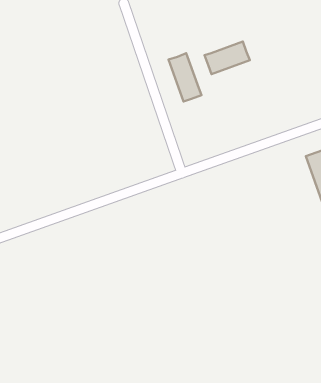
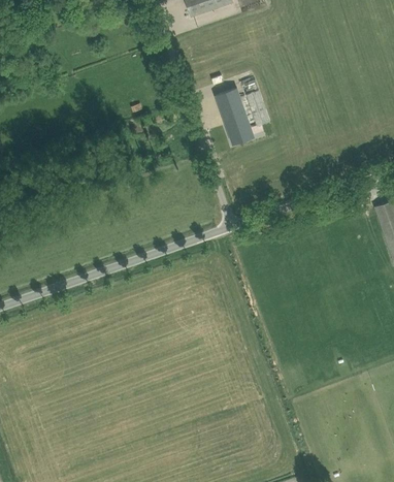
building: [205,41,250,74] -> none

